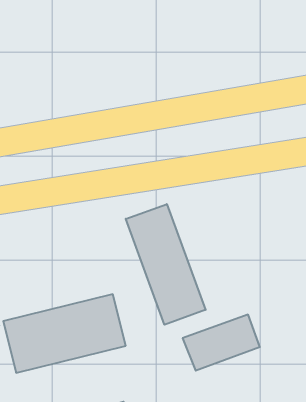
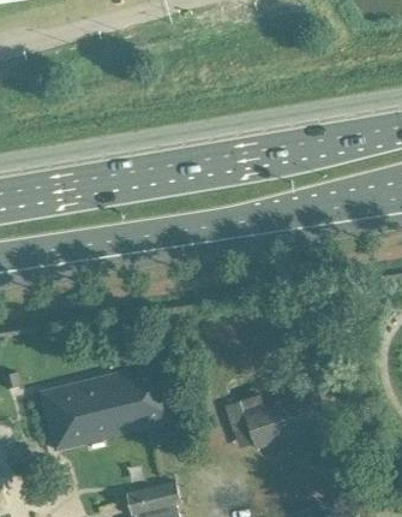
building: [126,204,206,325] -> none

